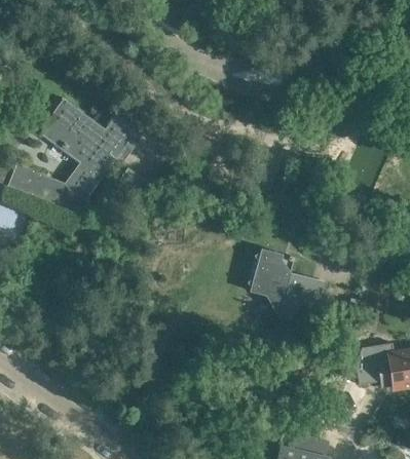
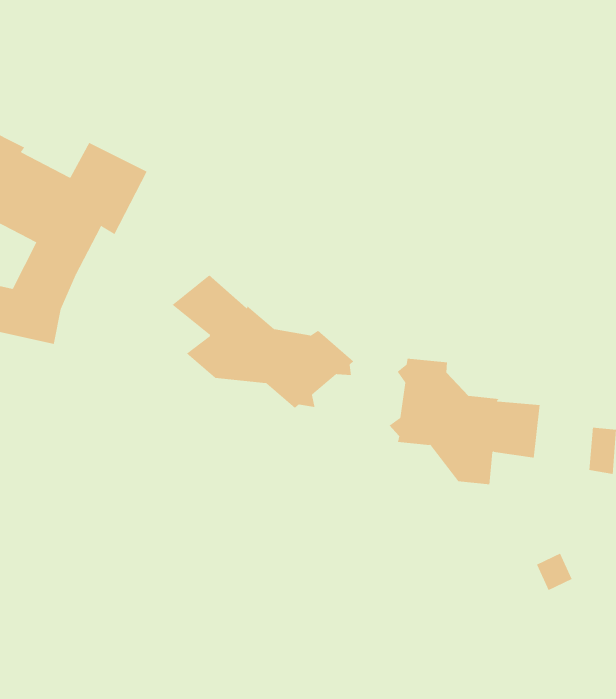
building: none -> [171,274,354,409]

